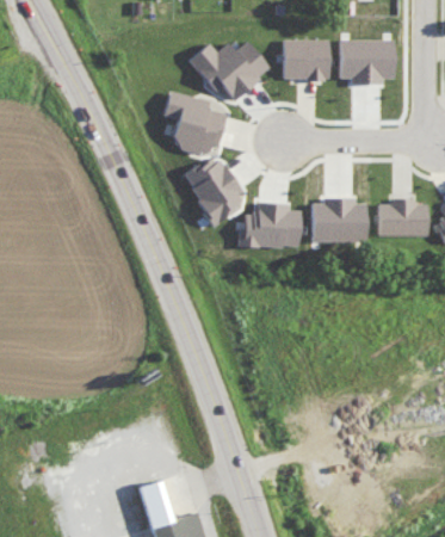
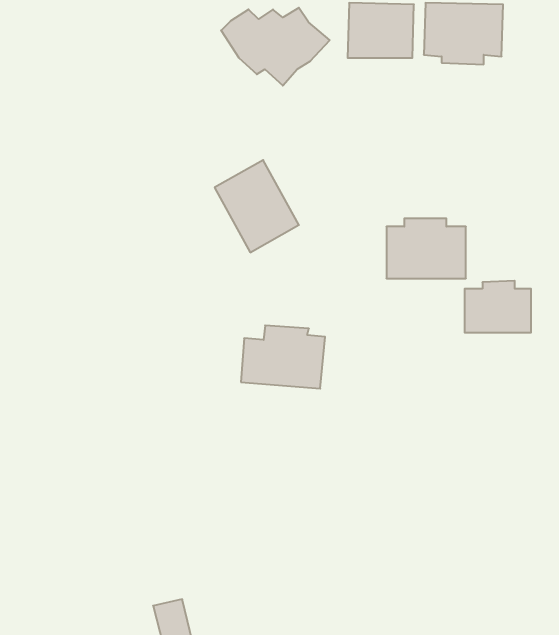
building: [162,91,224,156] -> none
building: [378,198,427,236] -> [465,281,531,333]
building: [240,203,302,249] -> [241,325,325,389]

